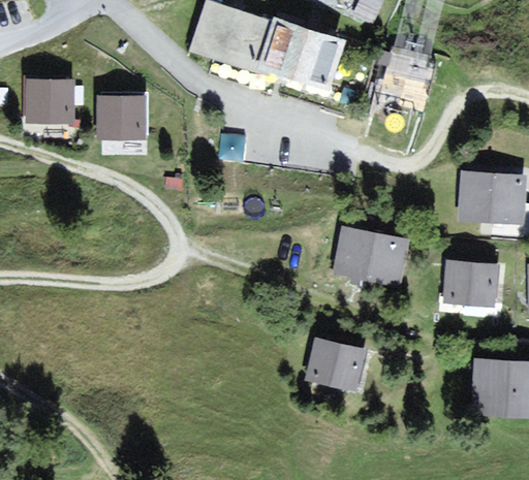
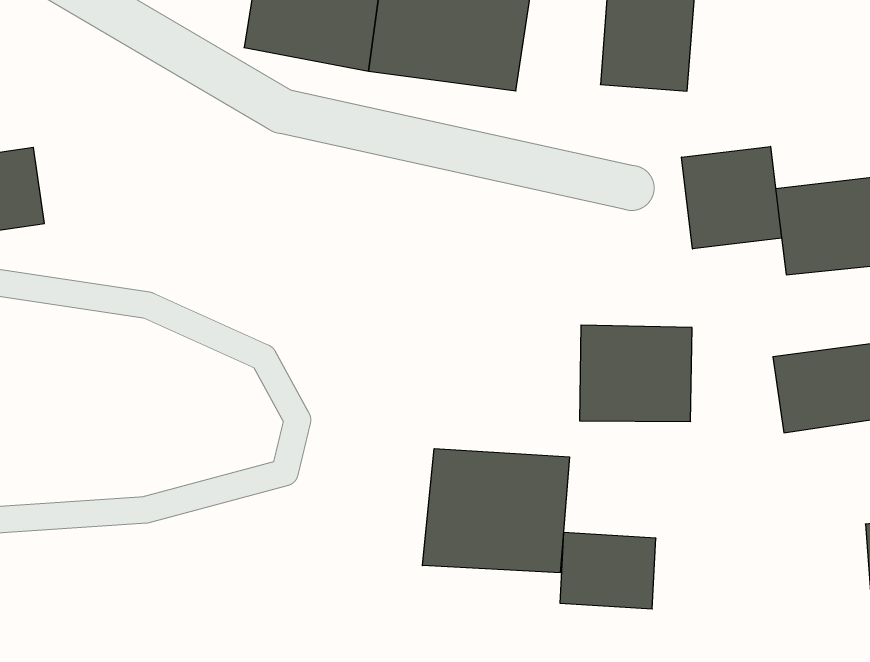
building: [97,96,144,138] -> none
building: none -> [682,146,781,249]
building: none -> [422,449,569,573]

